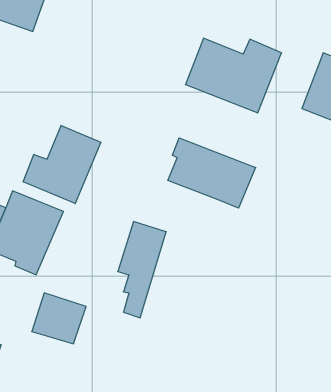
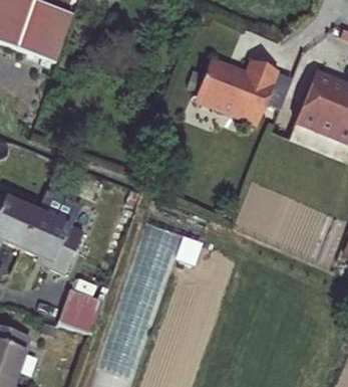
building: [23,125,101,204] -> none
building: [168,138,256,208] -> none

